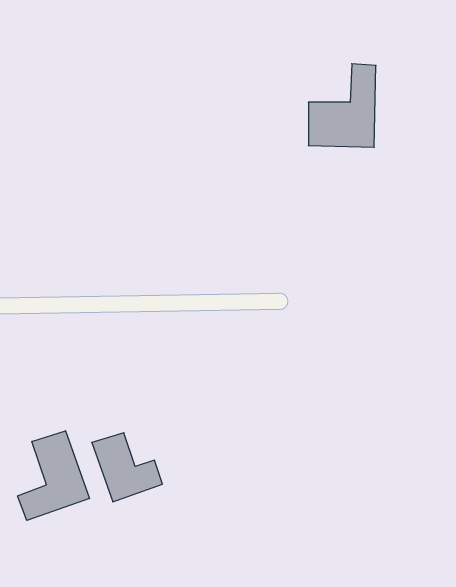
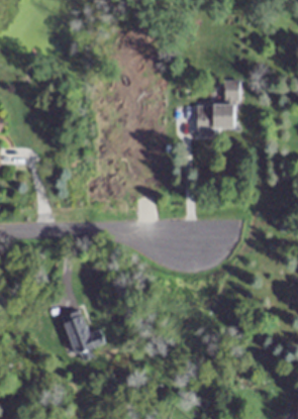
building: [17,431,89,520] -> none

